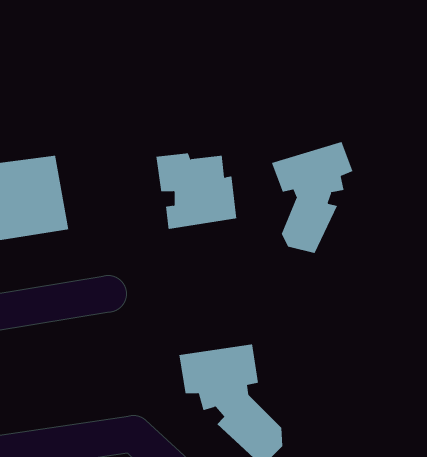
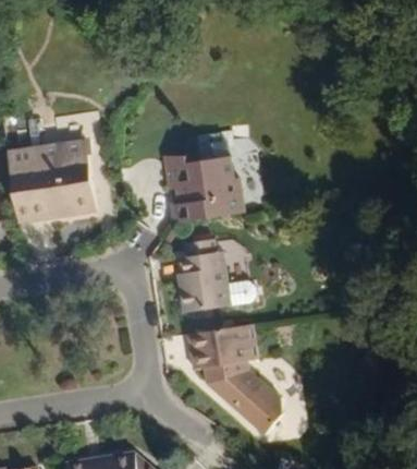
building: [271,141,353,254] -> none
building: none -> [175,248,231,310]

